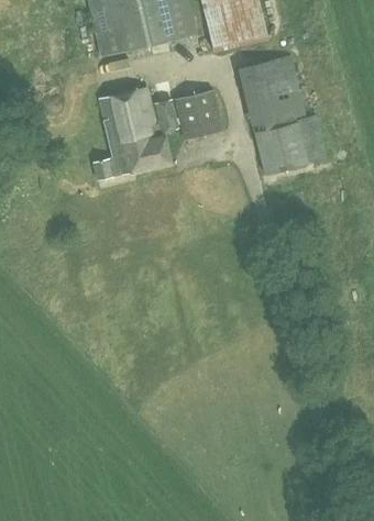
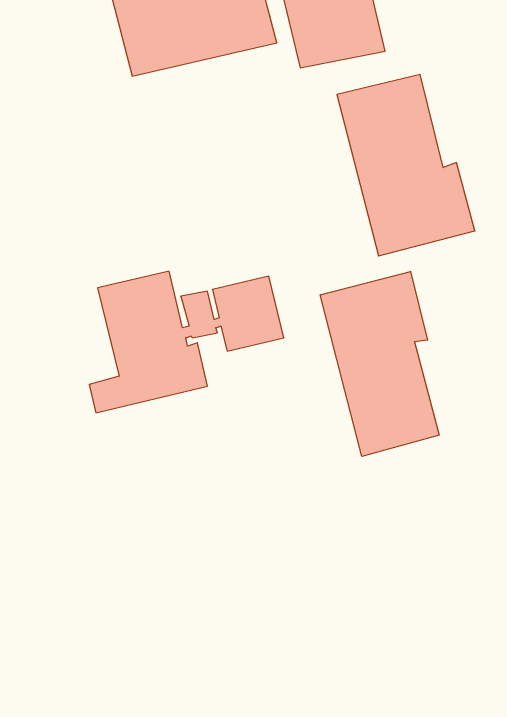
building: [94,87,222,180] -> [89,271,284,413]
building: none -> [320,271,439,456]

